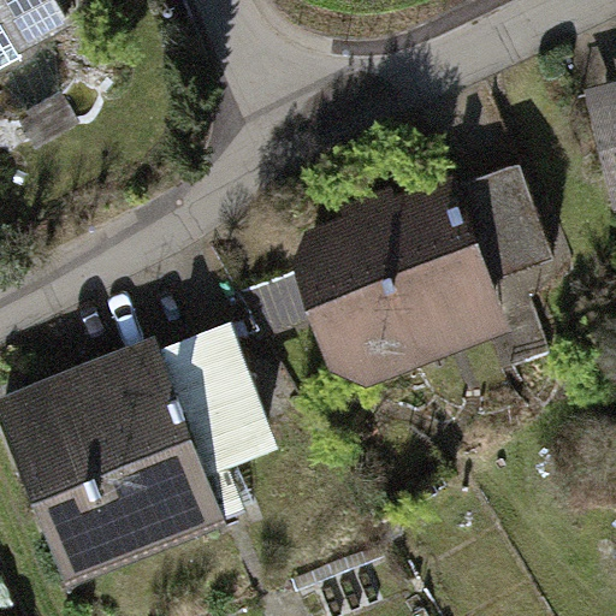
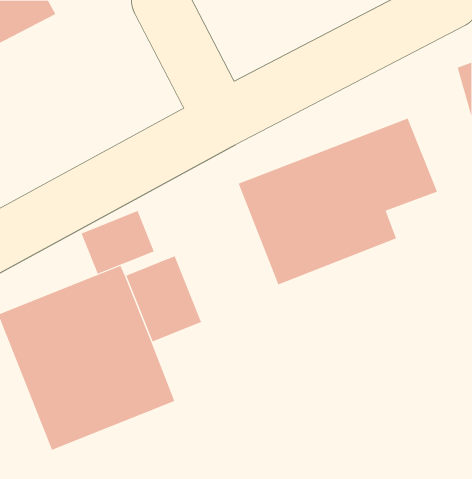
building: none -> [81,210,154,275]

